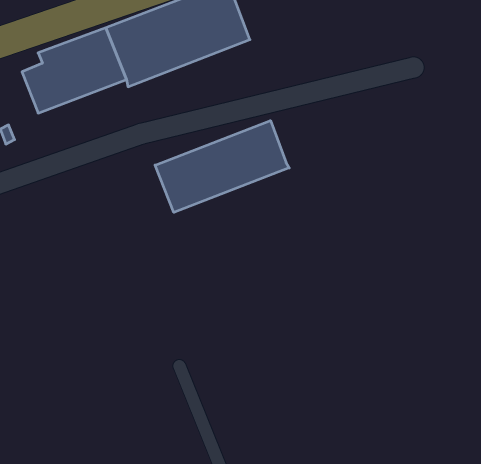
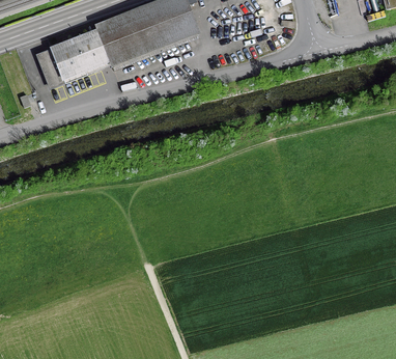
building: [155,121,289,212] -> none

